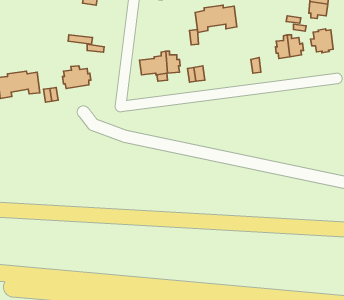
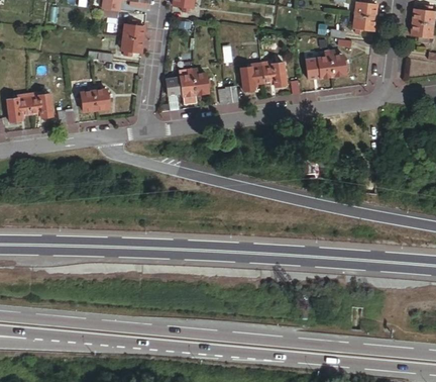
building: [195,5,237,32] -> [240,61,287,91]
building: none -> [120,19,144,56]
building: [310,29,333,53] -> none

